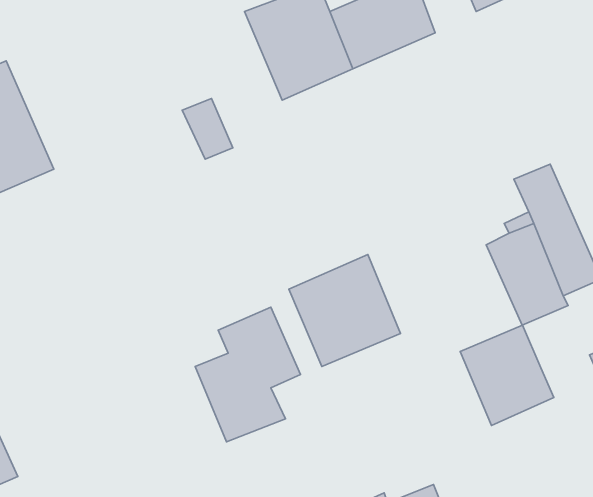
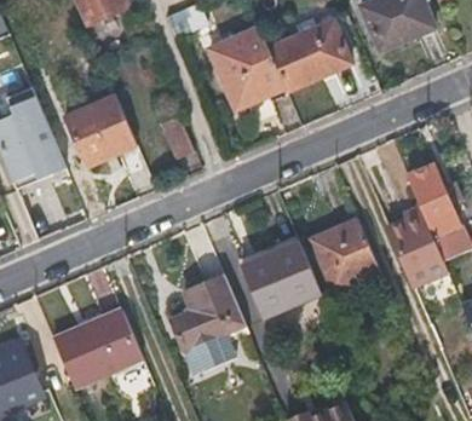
building: none -> [64,97,138,168]
building: [460,325,554,425] -> [312,217,381,290]
building: none -> [54,305,148,385]

